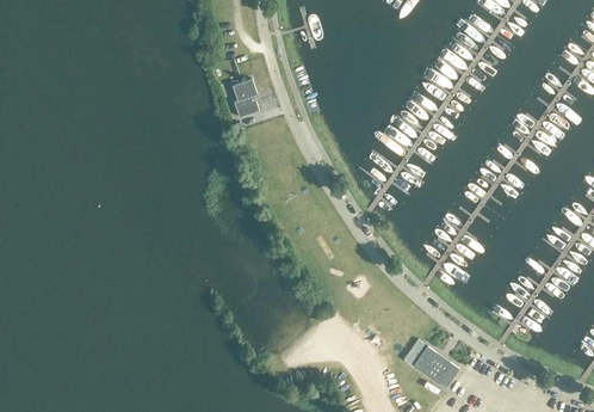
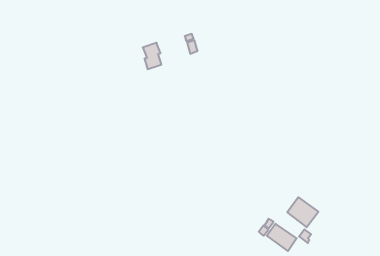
building: none -> [287,197,318,227]

